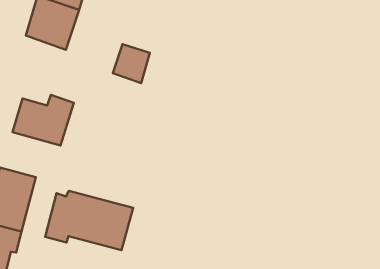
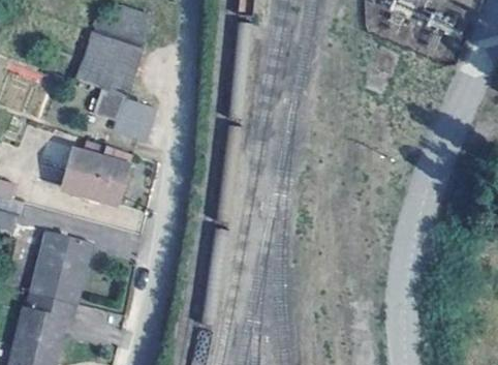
building: [113,44,150,83] -> [108,95,152,141]
building: [45,191,133,250] -> none

